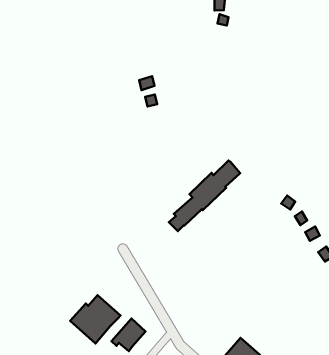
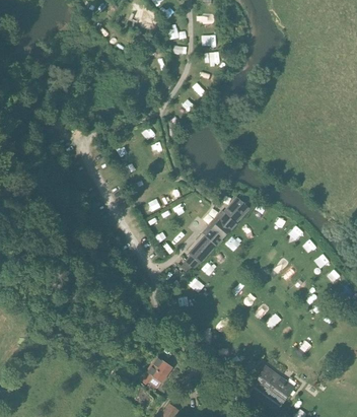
building: [70,295,121,343] -> none

